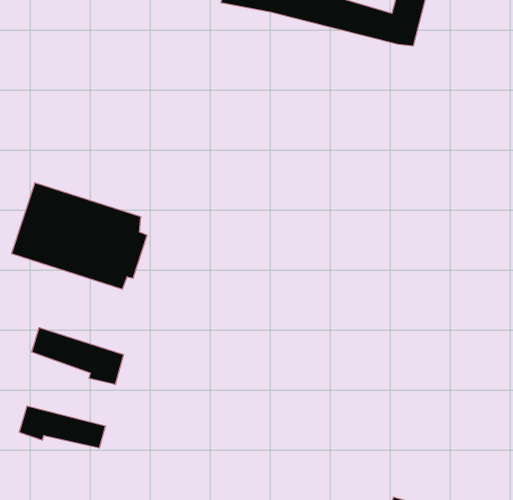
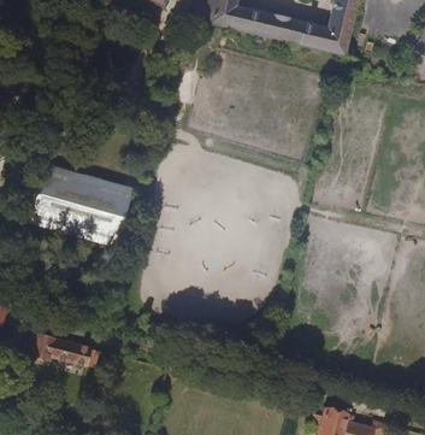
building: [32,328,123,385] -> none

